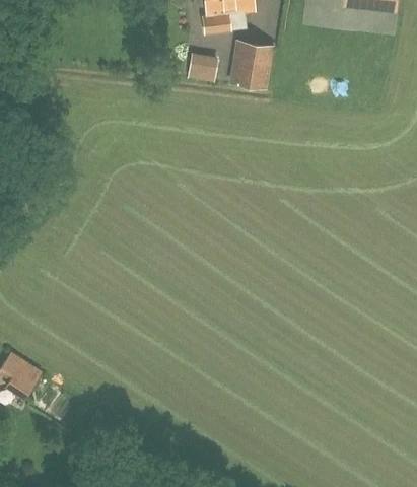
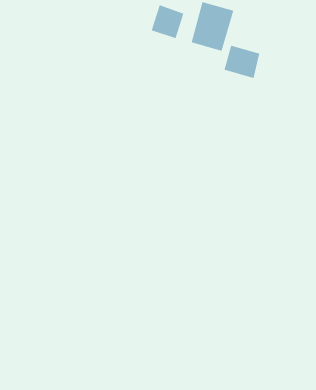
building: none -> [224,45,260,79]

